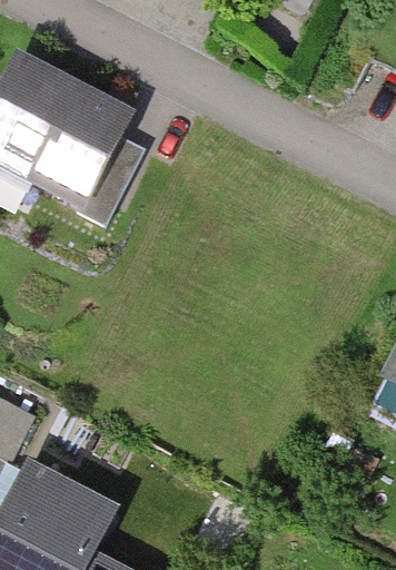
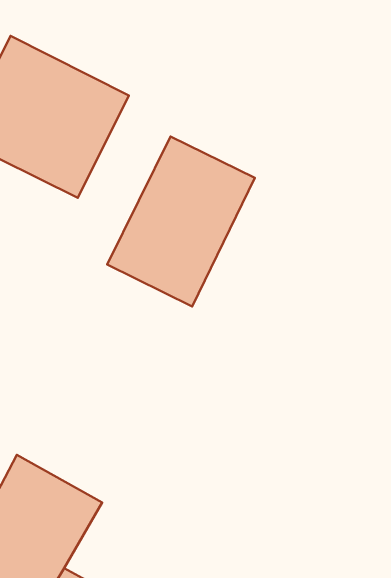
building: none -> [107,137,255,306]

